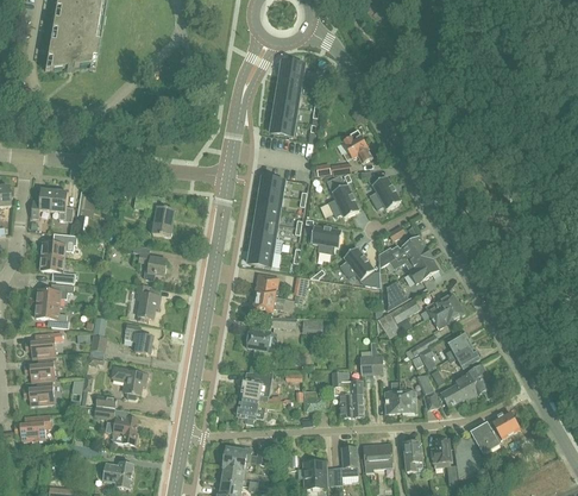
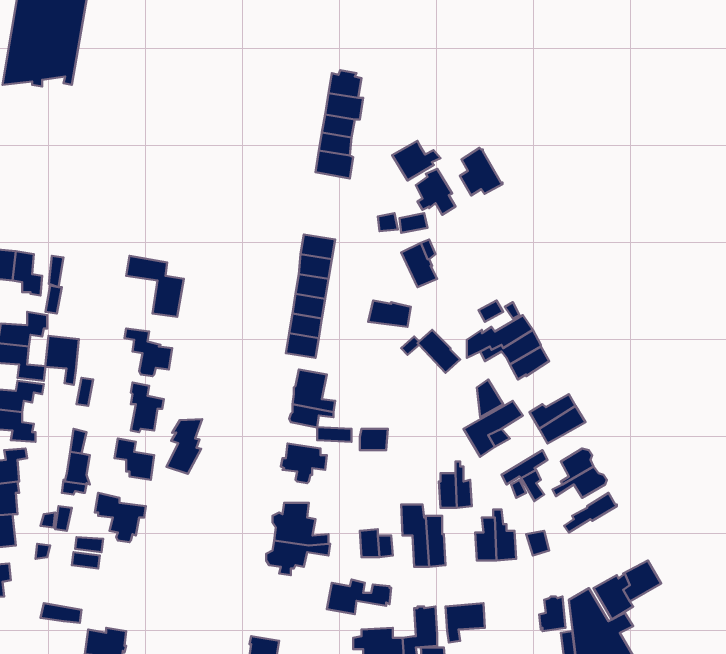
building: none -> [392,141,440,181]
building: [369,174,400,208] -> [460,148,502,196]
building: none -> [45,336,79,385]
building: none -> [167,419,202,474]
building: [440,372,497,406] -> none
building: [105,414,138,442] -> none
building: [403,439,425,472] -> none
building: [224,445,270,470] -> [327,580,391,614]

